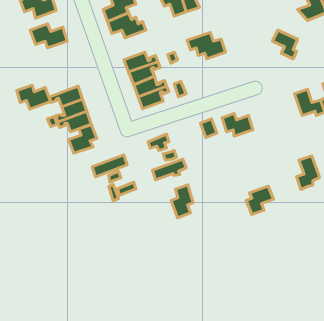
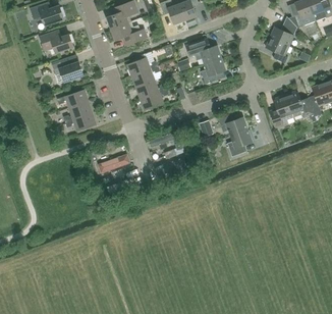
building: none -> [271,16,298,45]
building: none -> [202,57,226,84]
building: [17,85,51,109] -> [53,59,85,82]
building: [69,125,97,153] -> none
building: [296,156,319,190] -> [272,96,293,127]
building: [171,185,193,218] -> none
building: [246,186,274,215] -> [227,129,253,156]

